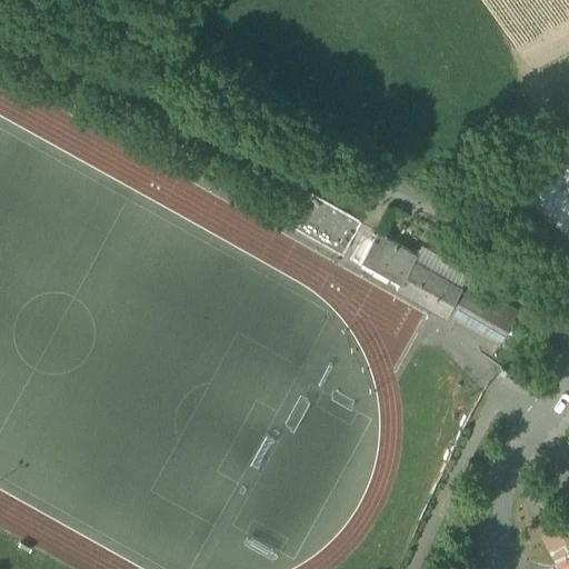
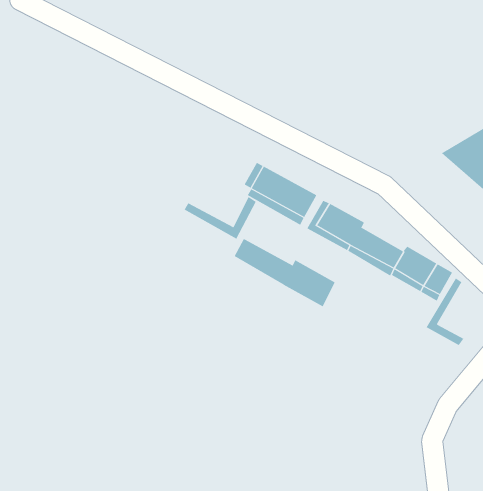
building: none -> [184,196,256,239]
building: none -> [234,238,335,307]
building: none -> [426,278,464,346]

